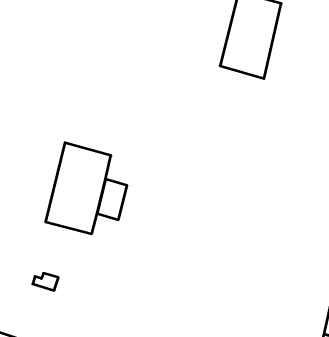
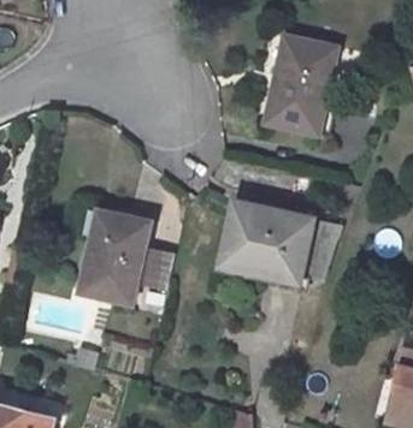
building: none -> [228,198,319,280]

